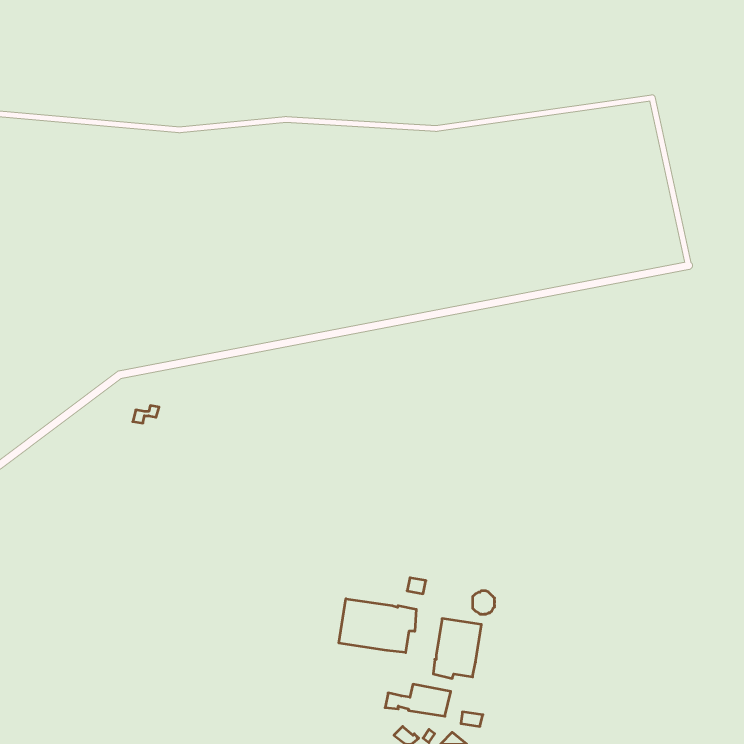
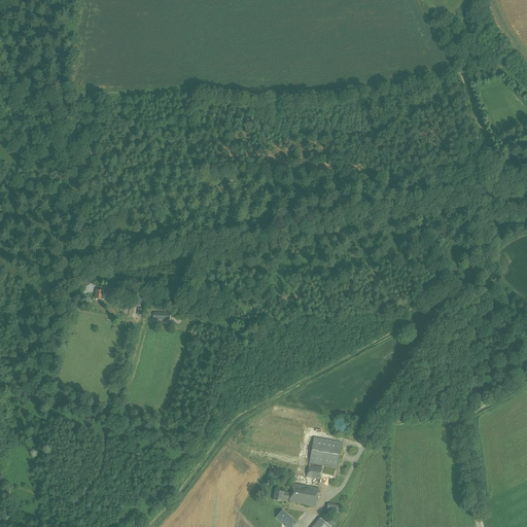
building: [339,599,416,653] -> none

